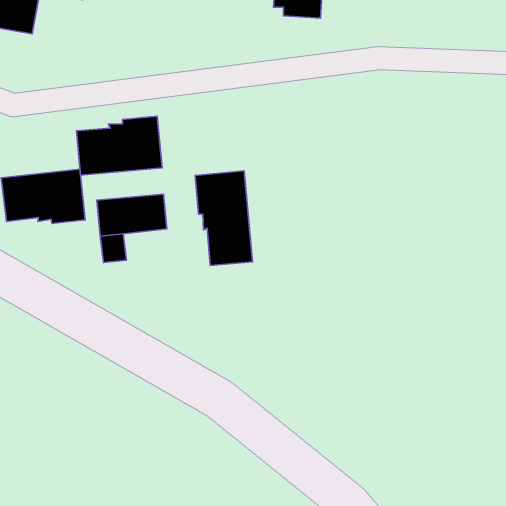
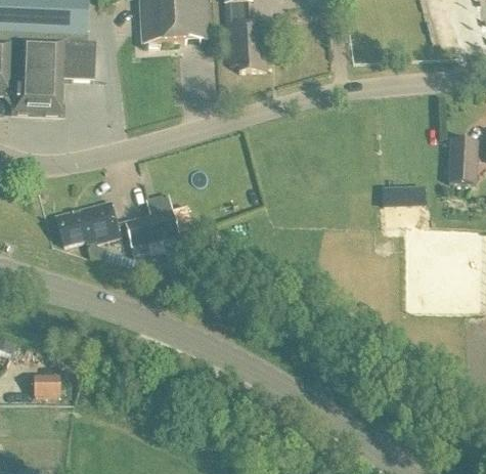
building: [77,116,162,175] -> none
building: [195,171,253,265] -> none

